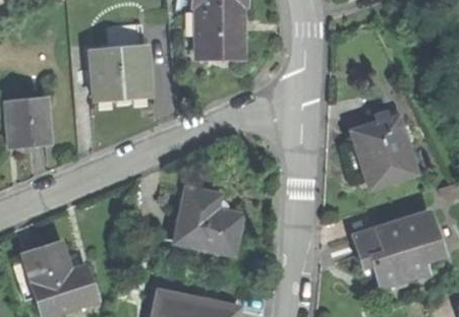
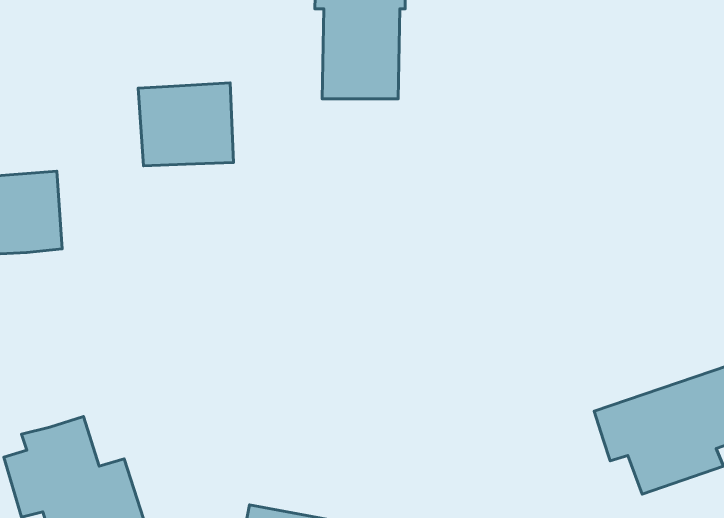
building: [108,24,146,51] -> none
building: [353,117,418,188] -> none
building: [175,188,243,256] -> none

